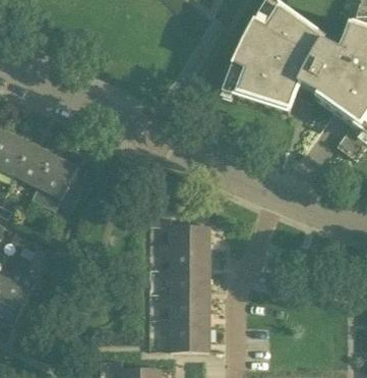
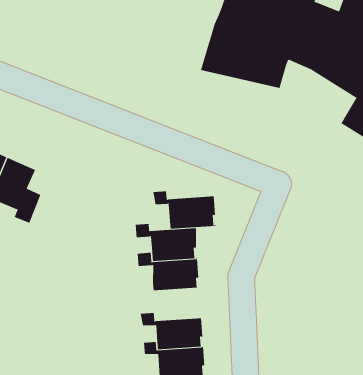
building: [158,268,209,301] -> [153,191,217,229]

